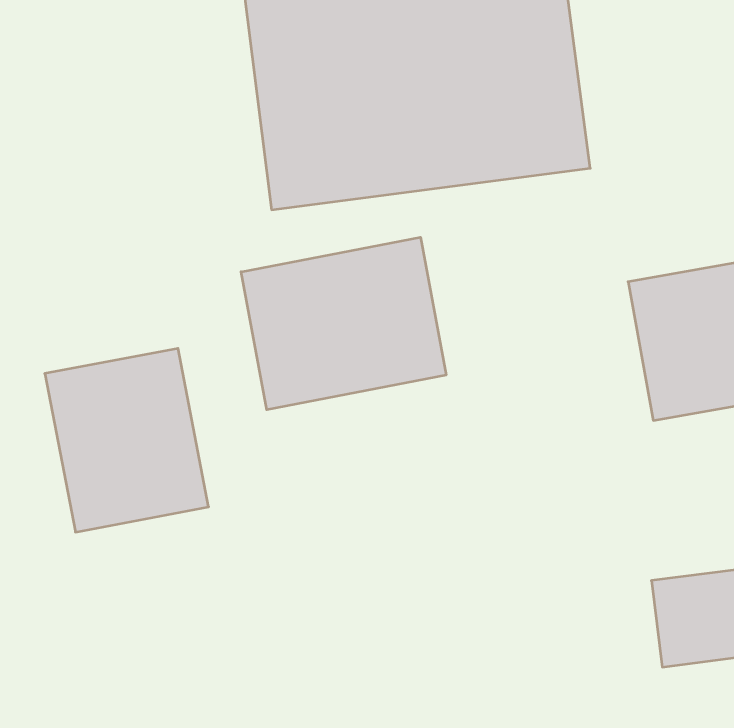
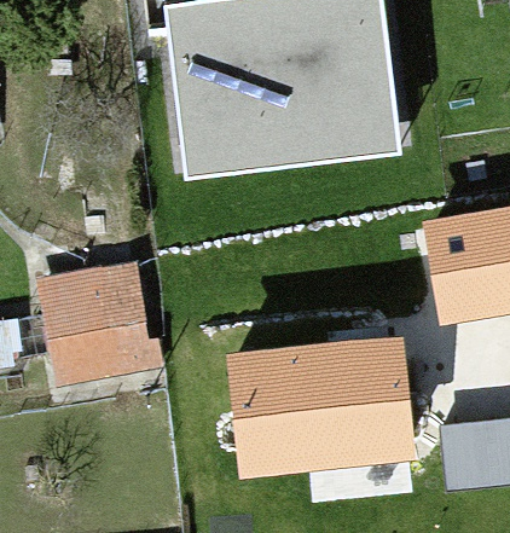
building: [241,237,446,410] -> none
building: none -> [233,343,407,473]

